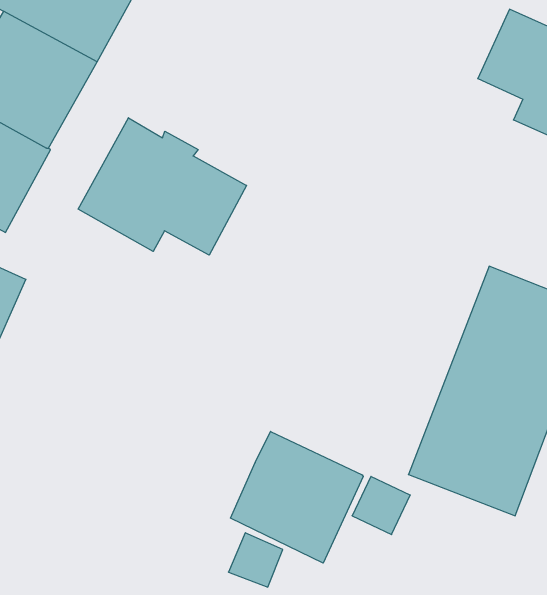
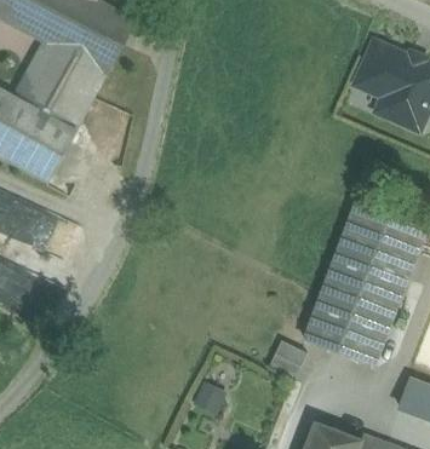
building: [78,118,247,255] -> none
building: [231,431,363,563] -> none

